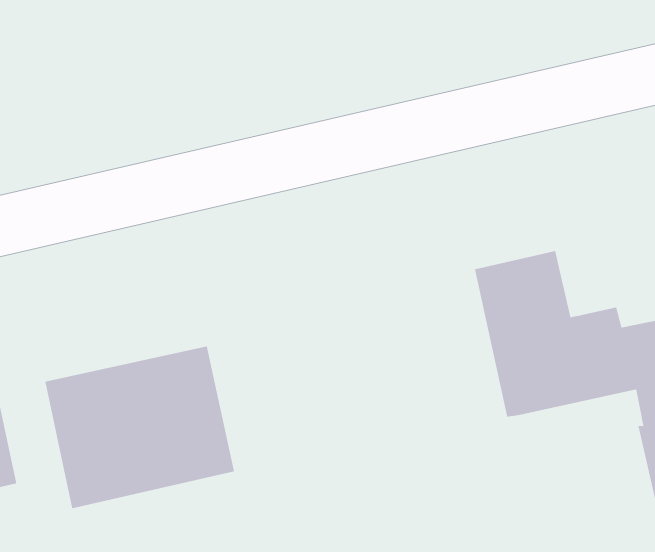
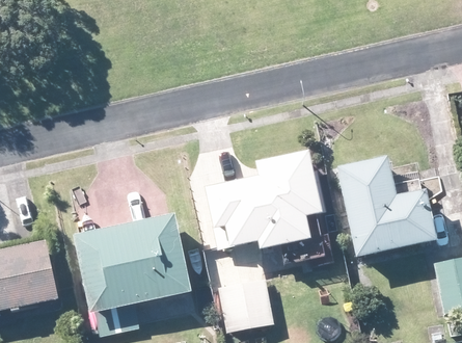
building: none -> [210,161,323,259]
building: none -> [221,279,275,331]

